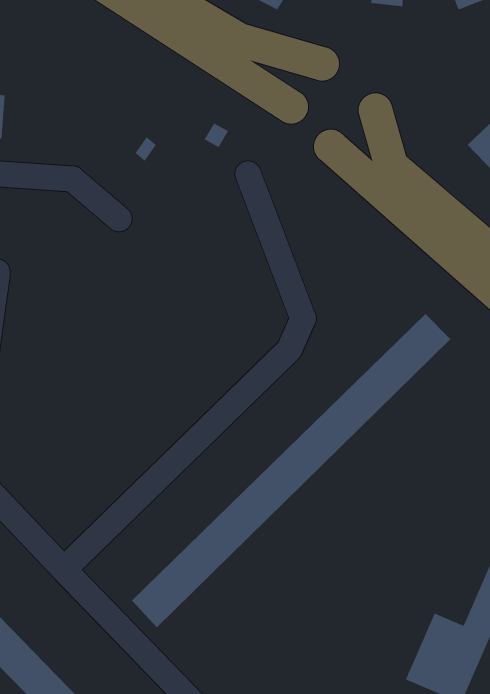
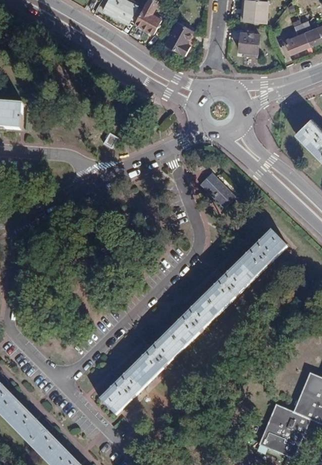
building: none -> [200,173,235,208]

